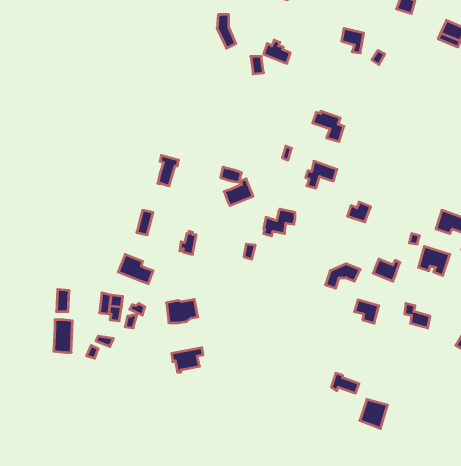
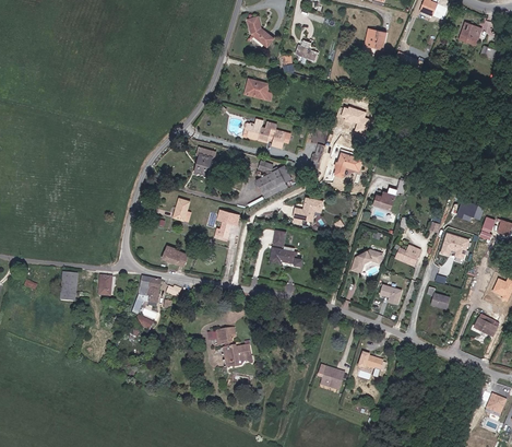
building: none -> [243,77,273,101]
building: none -> [242,118,293,143]
building: none -> [270,244,303,267]
building: [166,299,198,323] -> [223,344,252,366]
building: [54,320,72,352] -> [58,273,75,304]
building: [360,399,388,429] -> [320,365,346,392]

